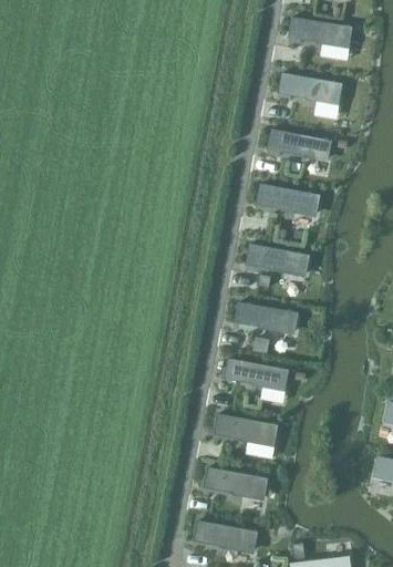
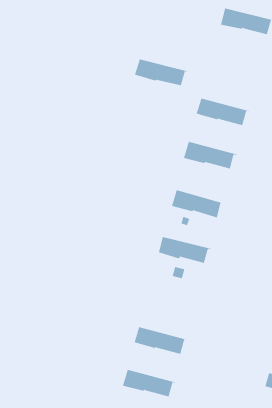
building: [278,73,343,102] -> [134,59,188,86]
building: [225,358,289,389] -> none

